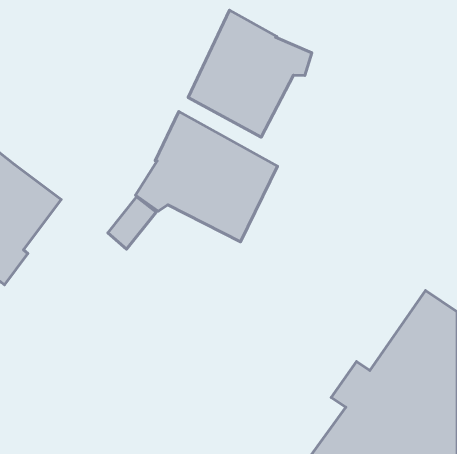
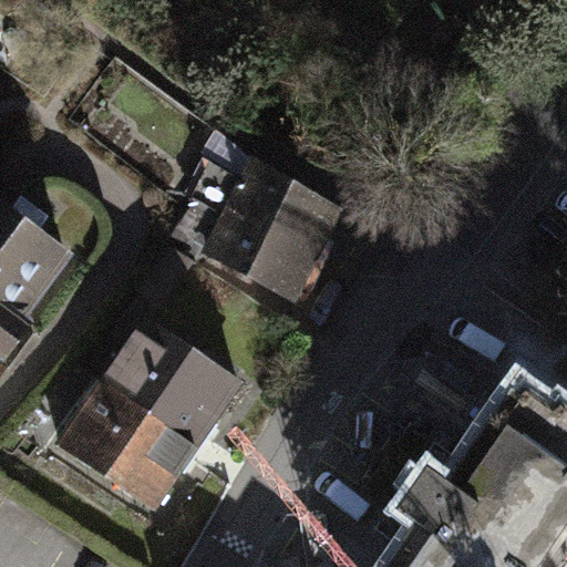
building: [188,10,312,137] -> none
building: none -> [55,316,244,513]

